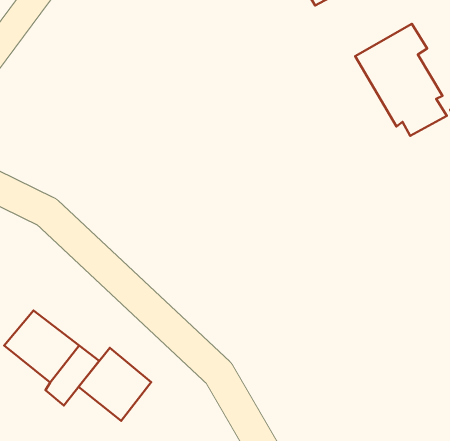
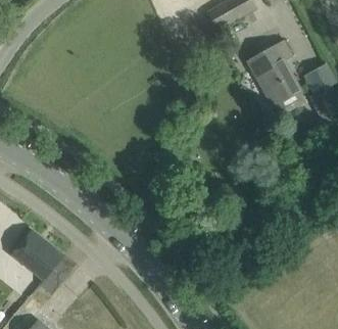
building: [79,348,151,421] -> none

